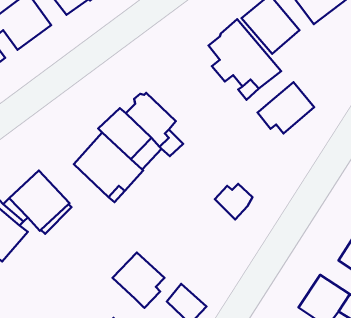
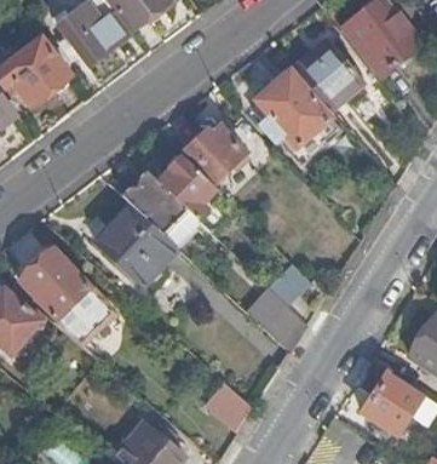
building: none -> [188,126,249,179]
building: [257,82,314,134] -> none
building: none -> [245,287,297,339]
building: [113,253,164,308] -> none

